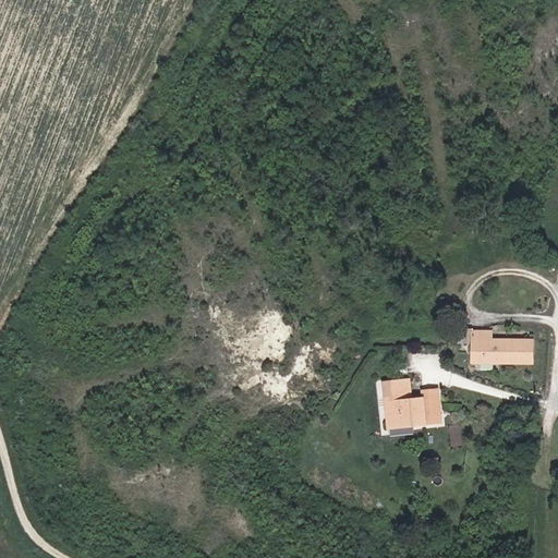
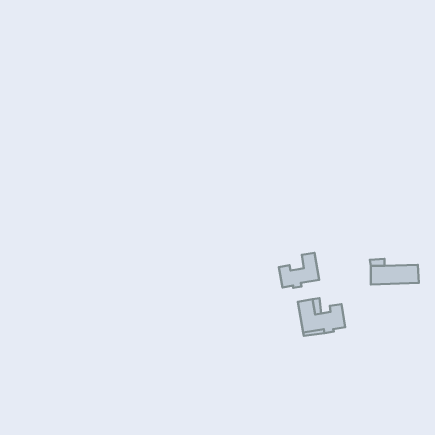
building: none -> [279,253,319,288]

